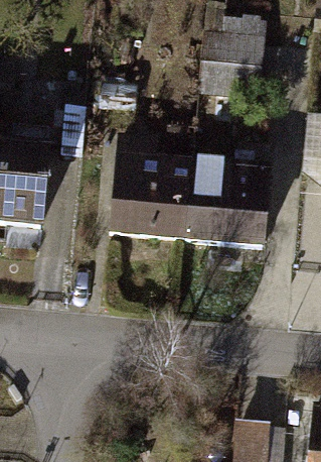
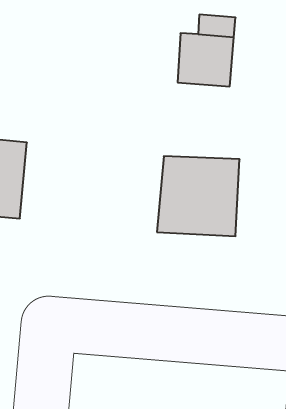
building: [110,155,186,242] -> none

